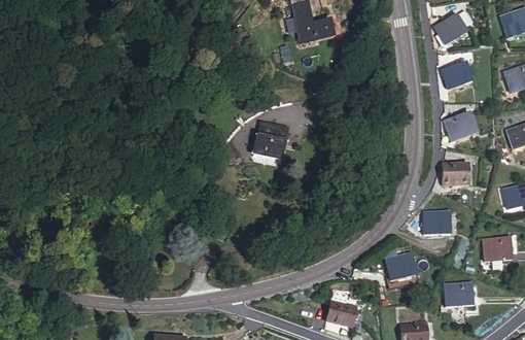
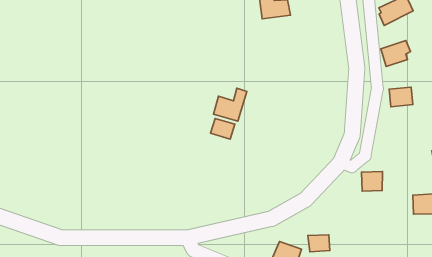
building: none -> [211,119,235,139]
building: [443,164,470,184] -> none
building: [389,259,415,279] -> [308,235,330,252]
building: [443,279,468,303] -> none

